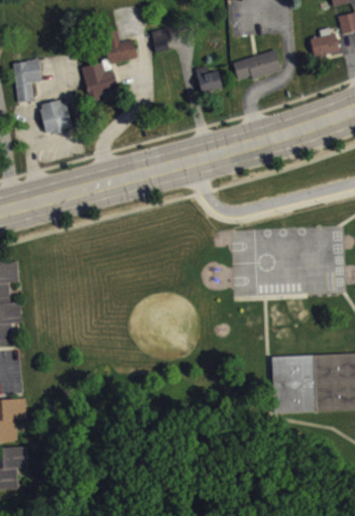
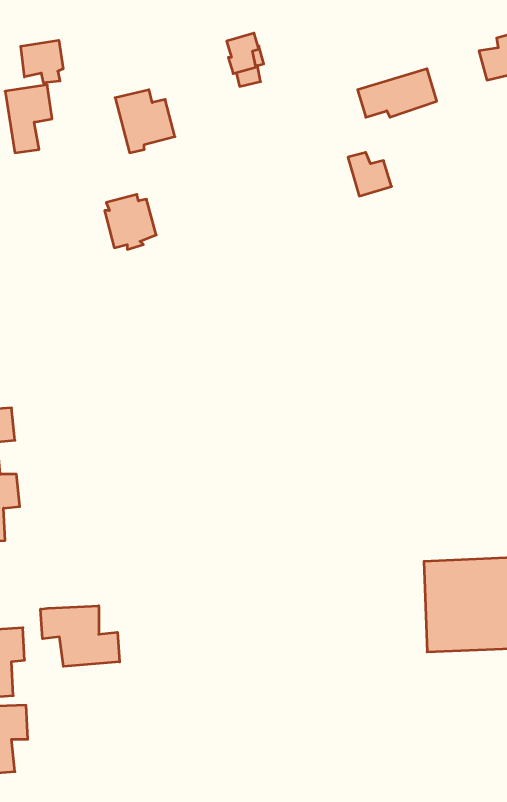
building: [104,30,138,63] -> none
building: none -> [21,40,63,83]
building: [196,66,223,93] -> [348,152,392,196]
building: [40,100,73,134] -> [105,194,156,249]
building: none -> [41,606,120,666]

